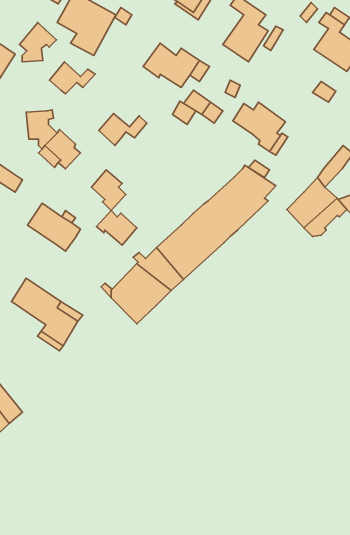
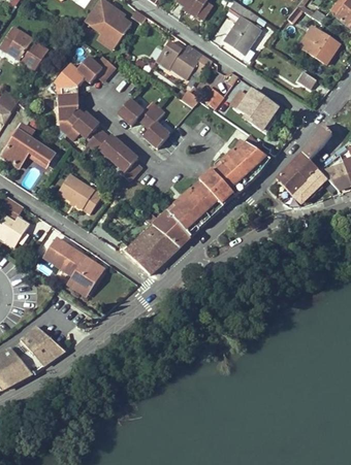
building: [20,22,56,62] -> [55,65,86,98]
building: none -> [142,107,168,147]
building: [96,211,137,245] -> [90,132,124,161]

